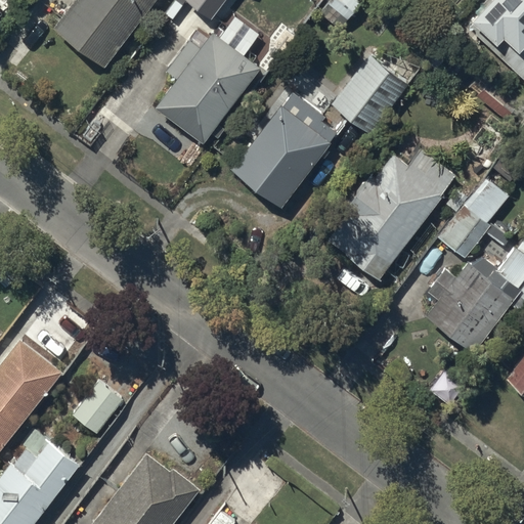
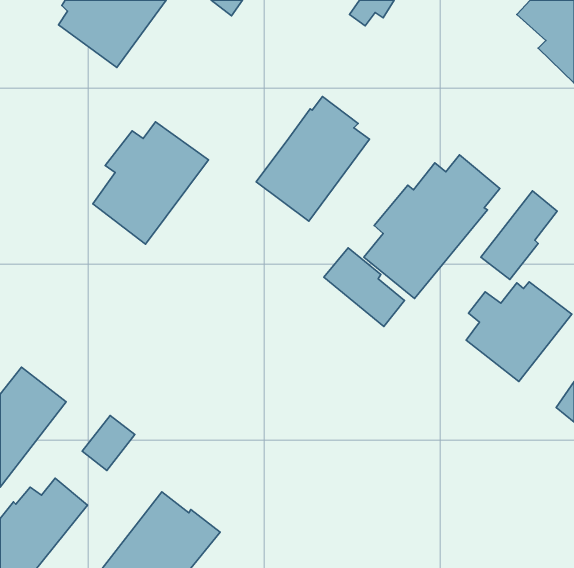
building: [156,32,261,143] -> [93,122,208,244]
building: [334,56,406,132] -> none
building: none -> [324,248,404,327]

